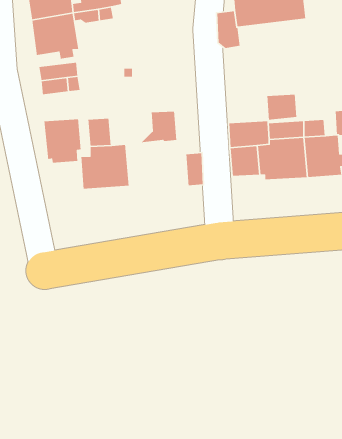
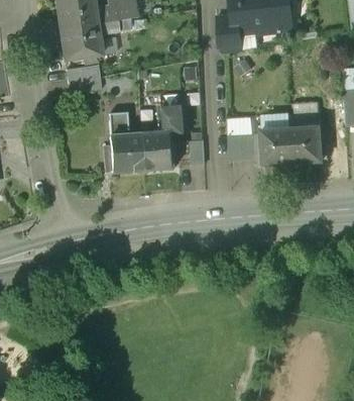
building: [266,94,297,120] -> none
building: [43,119,82,163] -> none
building: none -> [140,131,174,170]

